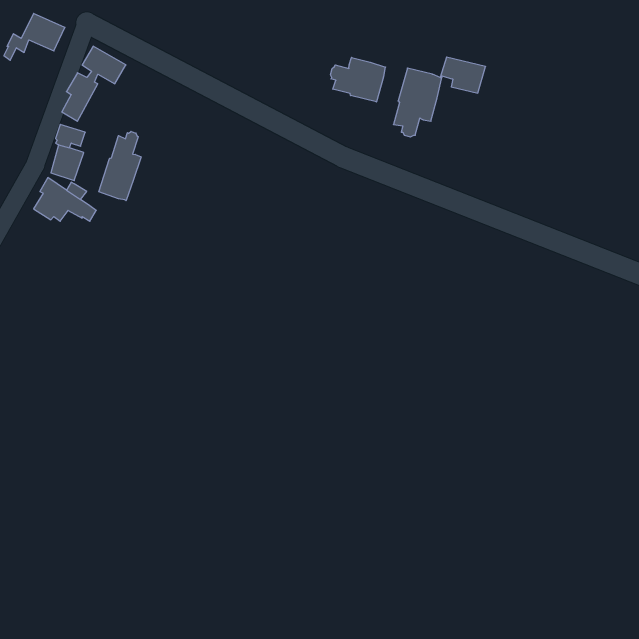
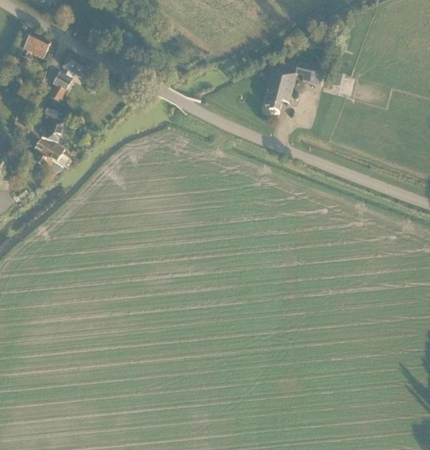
building: [330,57,386,102] -> none
building: [99,131,141,201] -> none

